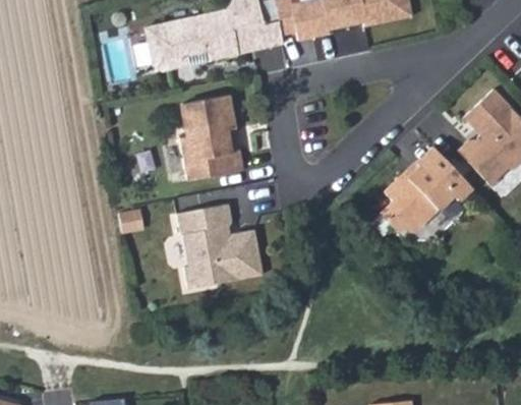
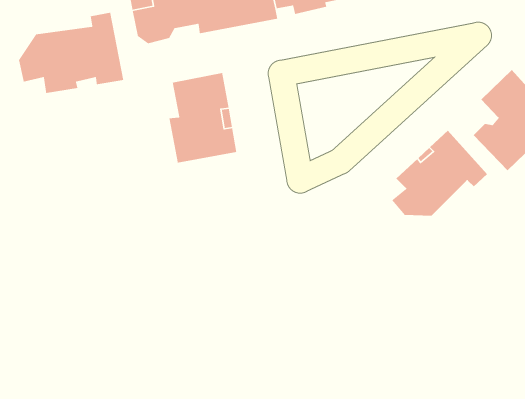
building: none -> [18,12,124,94]
building: [176,204,263,288] -> none

